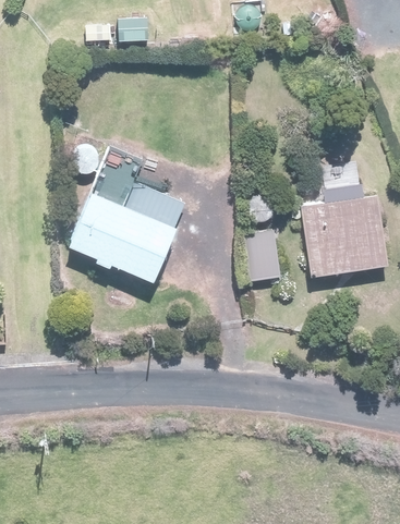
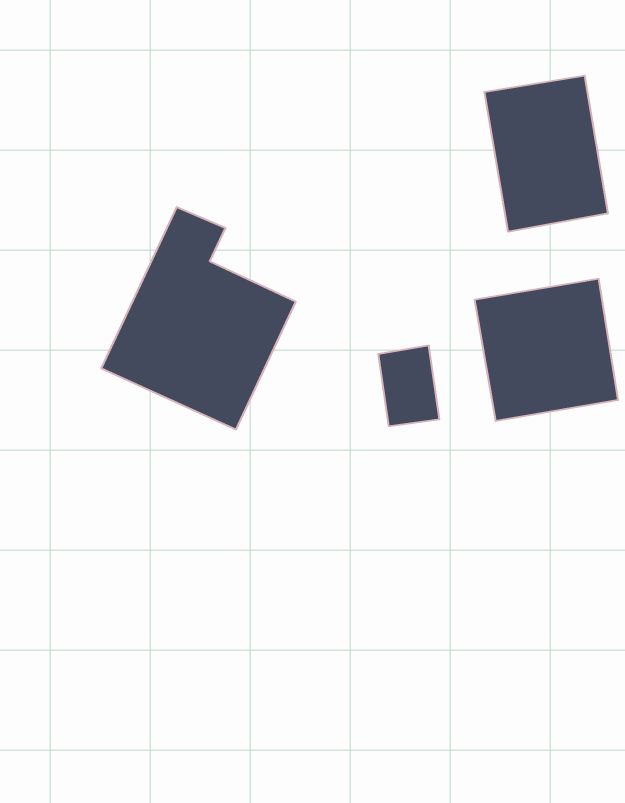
building: none -> [484,76,608,232]

